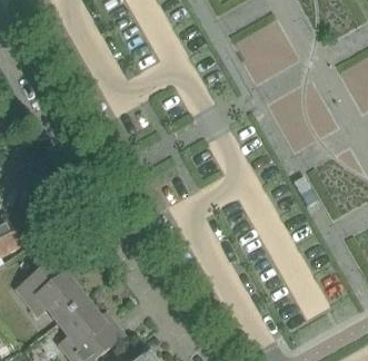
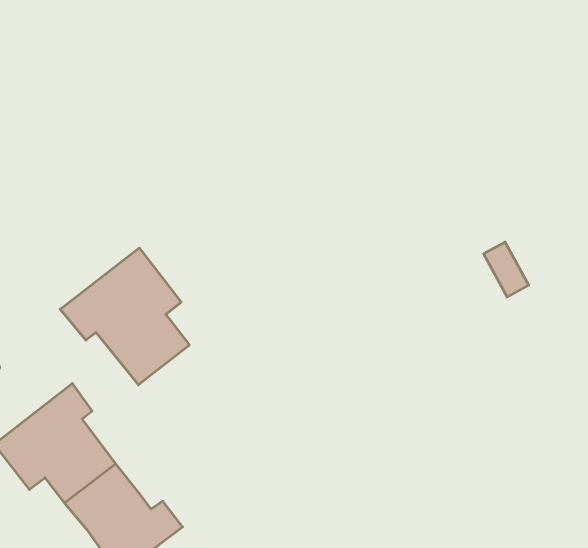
building: none -> [60,248,189,385]

